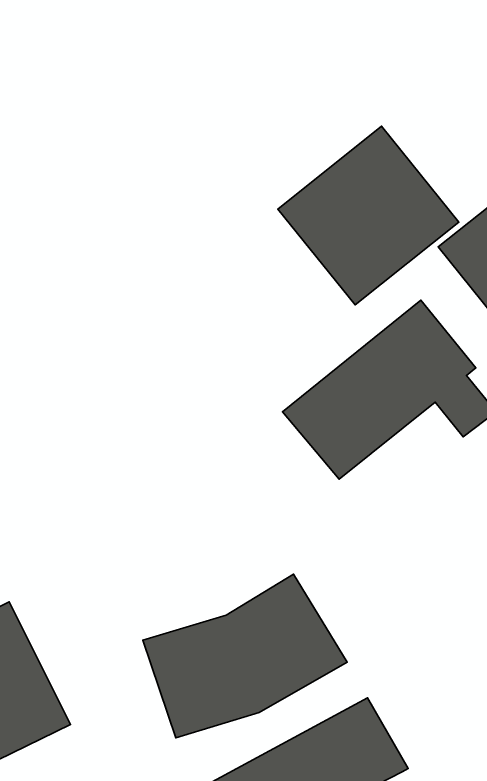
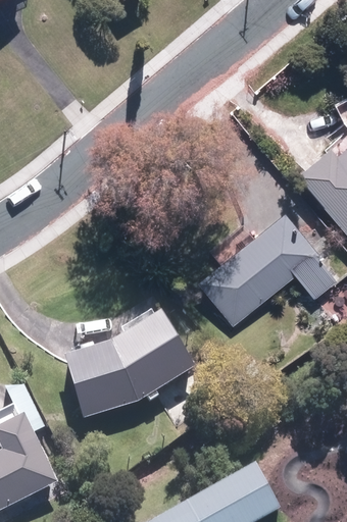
building: [278,126,459,305] -> none
building: [143,574,347,738] -> [66,312,199,418]

